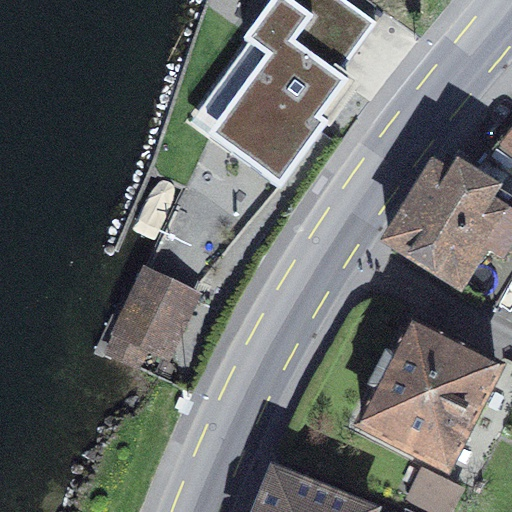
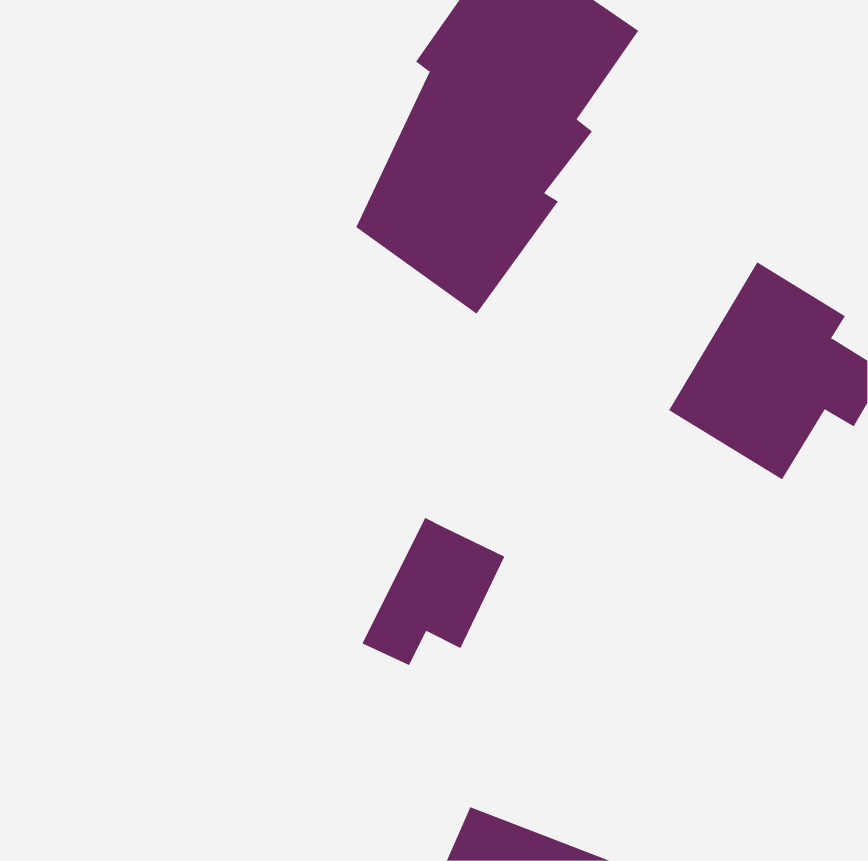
building: [108,271,192,358] -> [362,517,505,666]
building: [361,323,495,464] -> none

